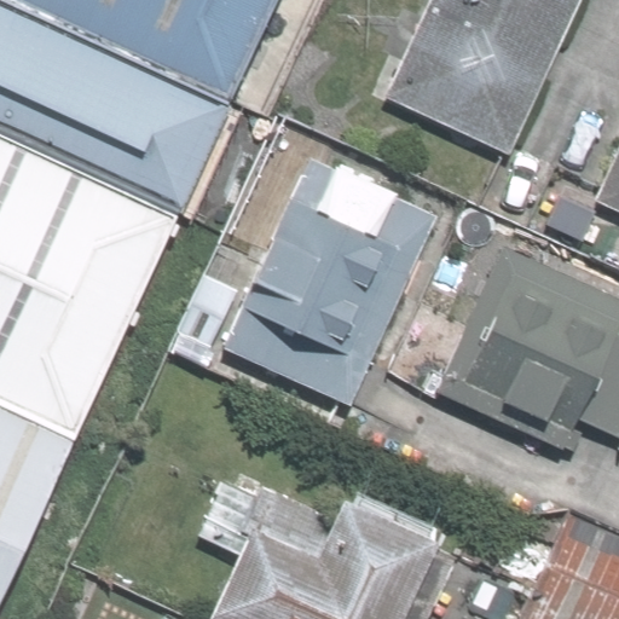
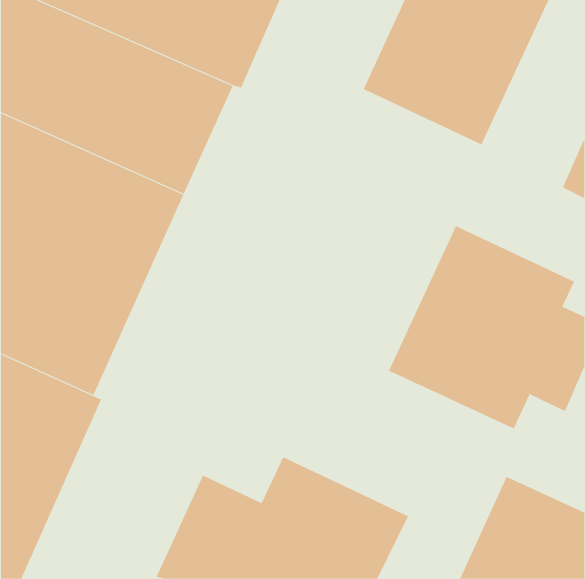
building: [213,146,421,406] -> none

